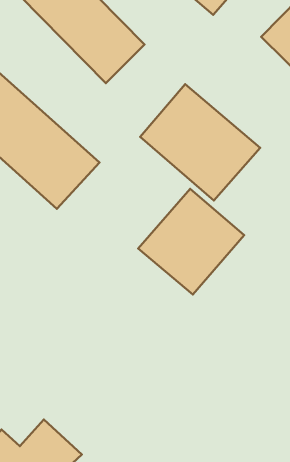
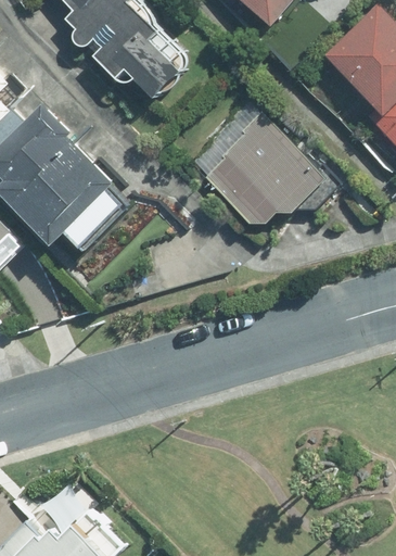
building: [138,189,244,295] -> none

